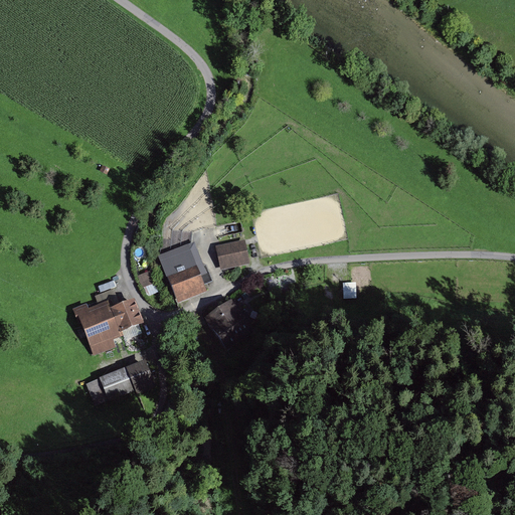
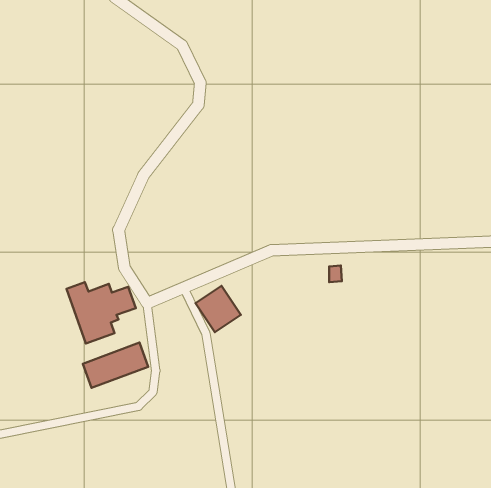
building: [215,237,249,269] -> none
building: [159,242,207,301] -> none

